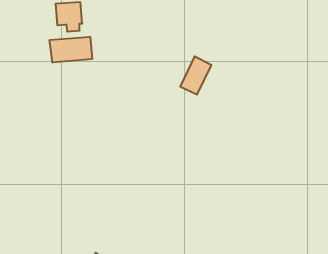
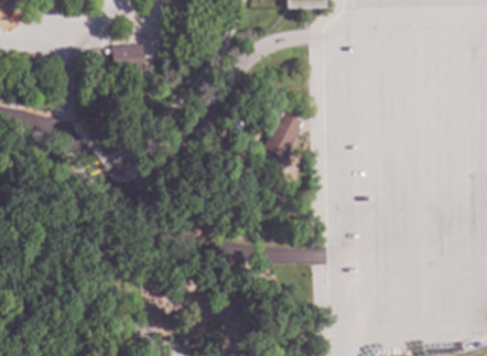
building: [50,37,92,63] -> none

